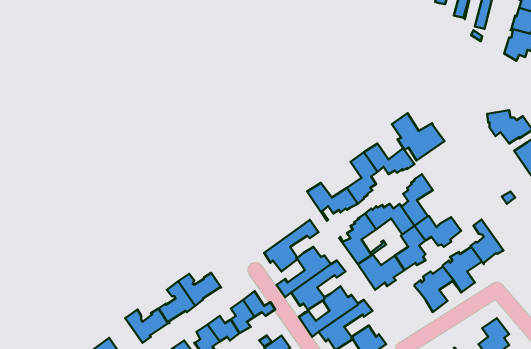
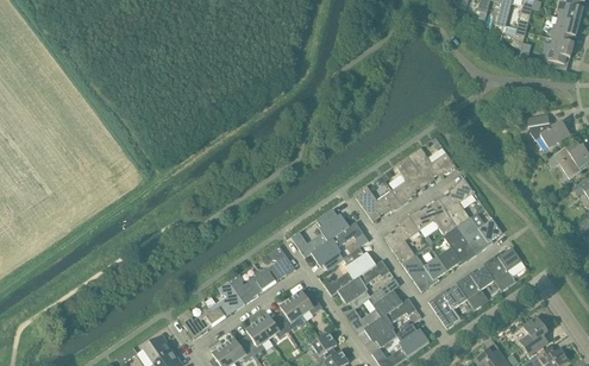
building: [392,113,445,160] -> none
building: none -> [292,207,350,257]
building: [471,219,504,264] -> none
building: none -> [261,245,295,285]
building: none -> [430,284,475,328]

